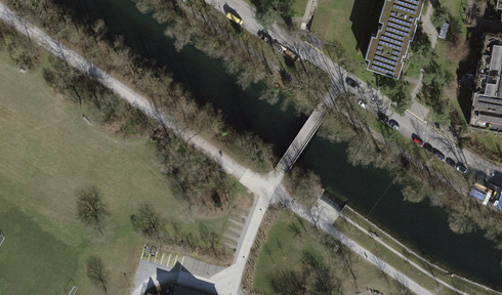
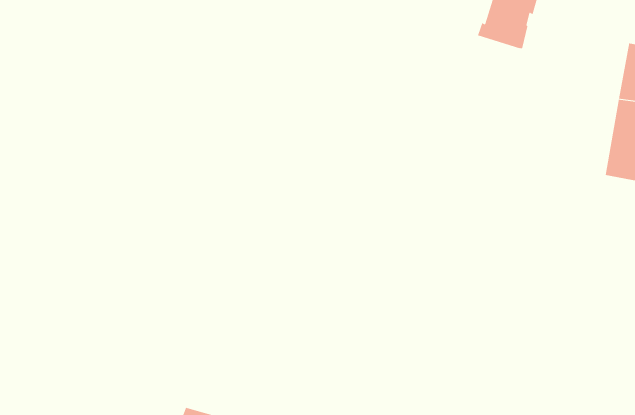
building: [367,29,410,76] -> none

